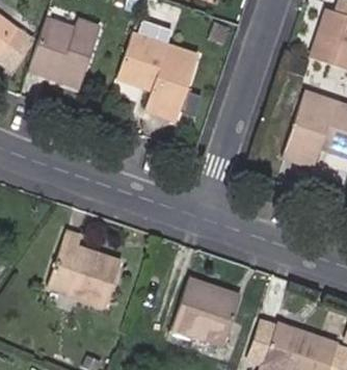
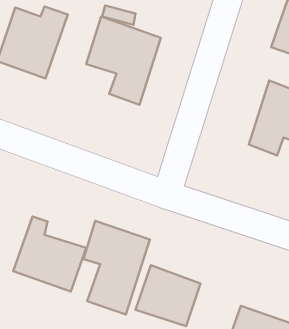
building: none -> [83,221,150,315]

